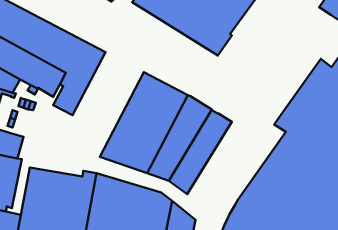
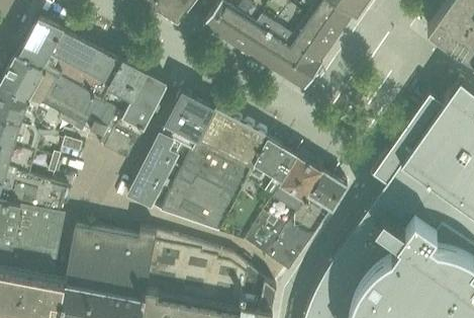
building: none -> [128,94,214,215]
building: none -> [267,172,348,275]

